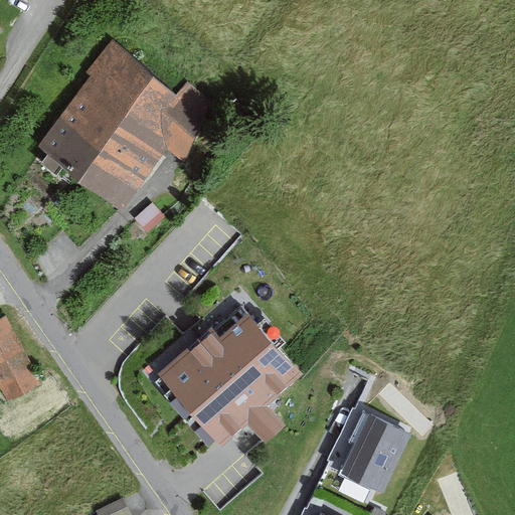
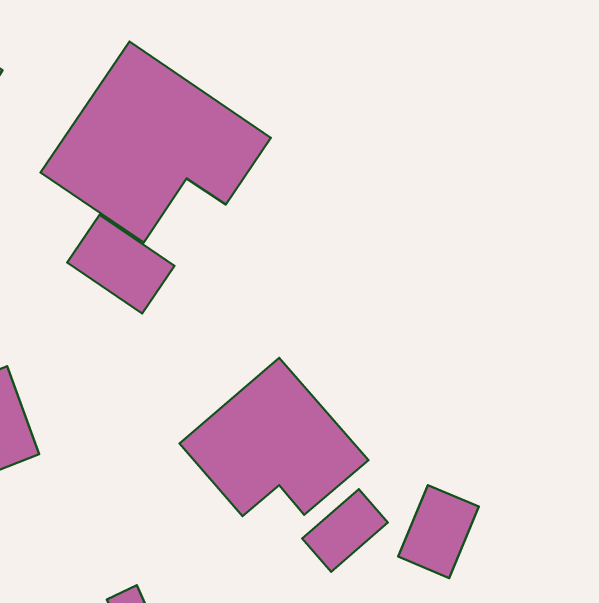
building: none -> [67,215,175,314]
building: none -> [302,489,388,572]

